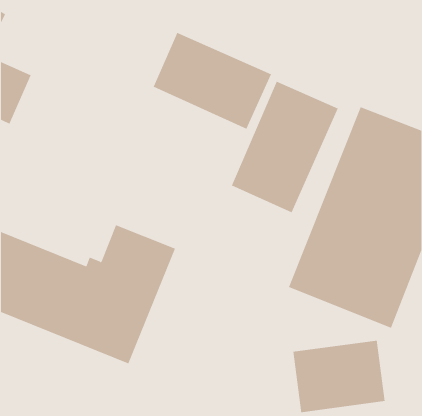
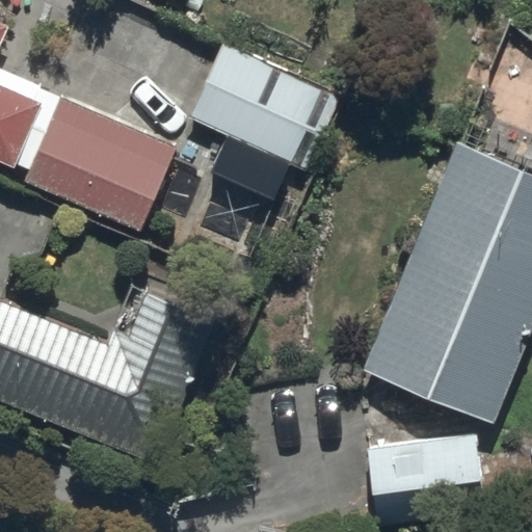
building: none -> [26,99,176,230]
building: [231,81,339,213] -> none

